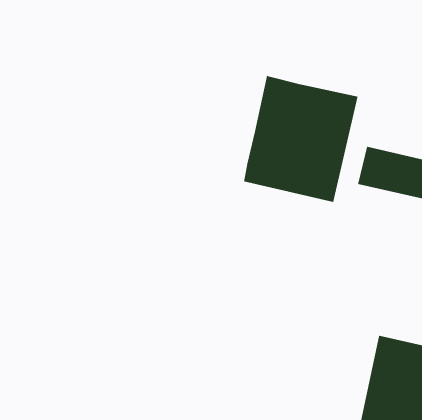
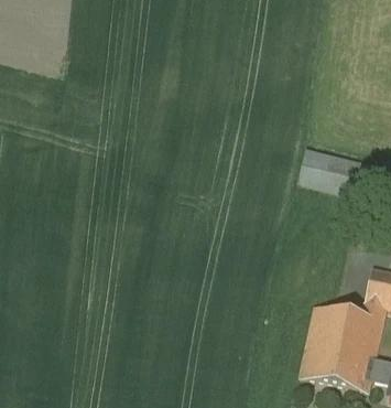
building: [243,74,358,203] -> none

